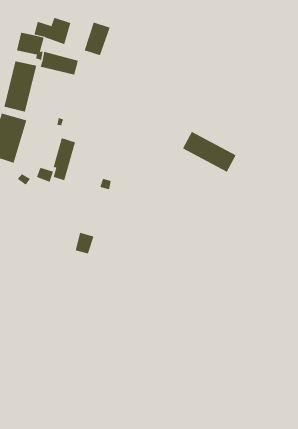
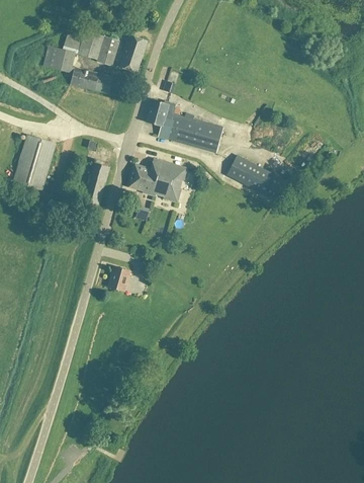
building: none -> [97,34,119,65]
building: [4,60,37,113] -> none
building: none -> [147,98,223,152]
building: none -> [129,157,187,202]

